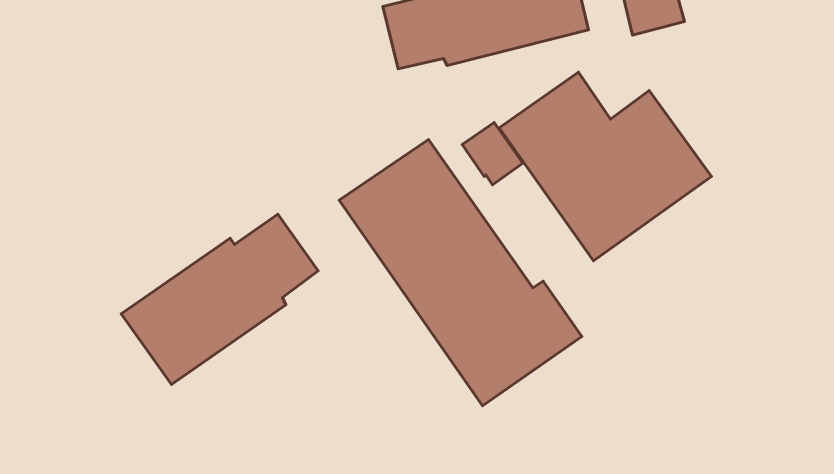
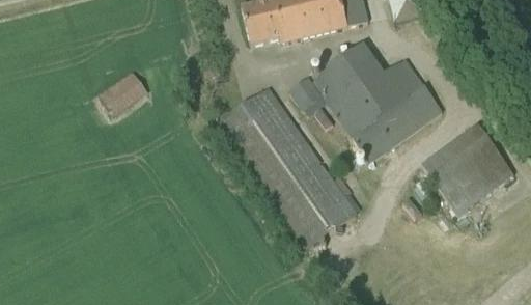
building: none -> [100,71,148,115]
building: none -> [421,123,513,215]
building: [121,214,318,385] -> none

